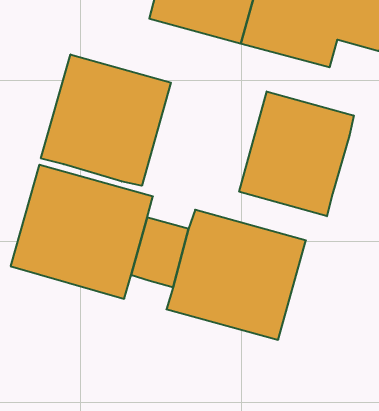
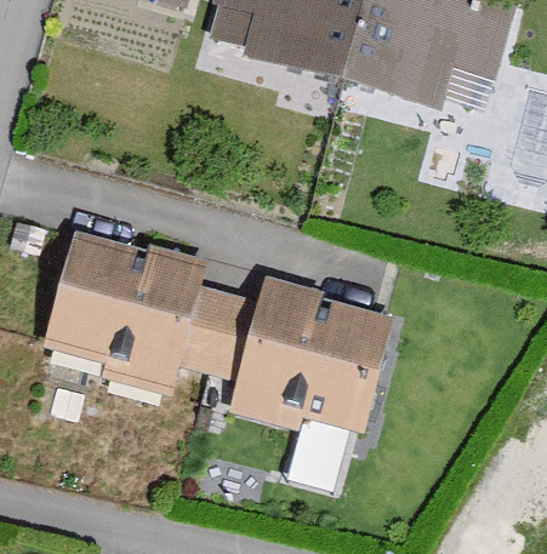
building: [41,54,171,186] -> none
building: [239,91,354,216] -> none

